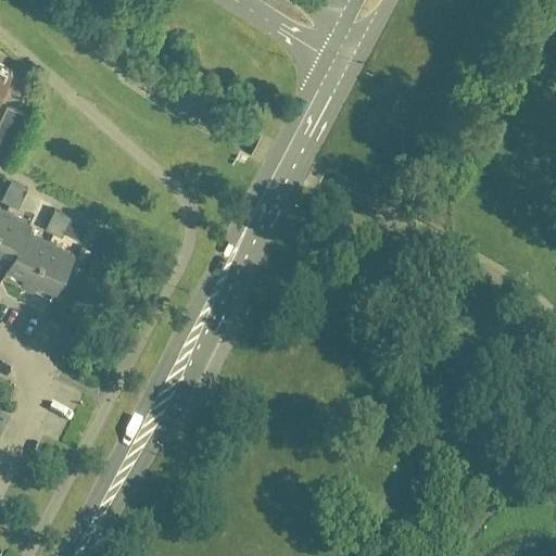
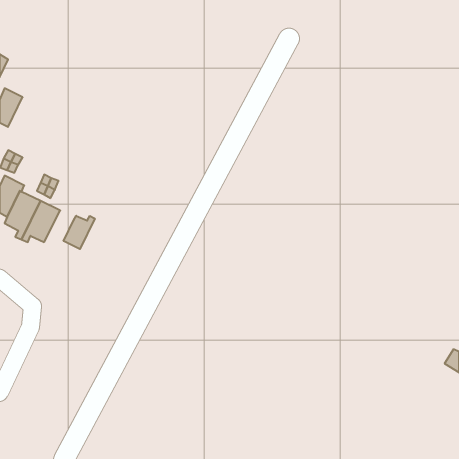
building: none -> [64,216,95,249]

